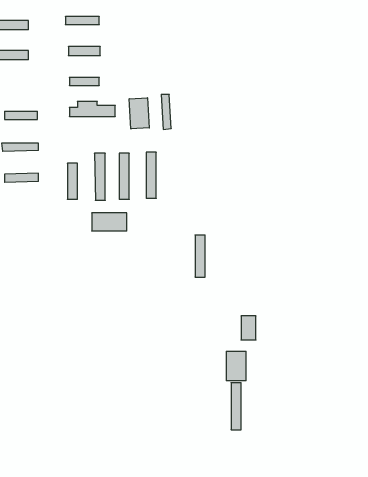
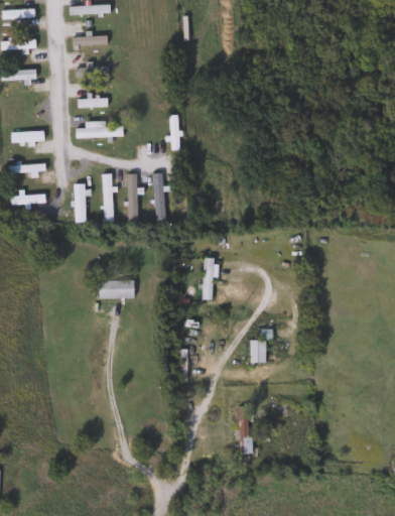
building: [129,98,149,129] -> none
building: [92,213,127,231] -> [99,280,134,298]
building: [226,351,246,381] -> none

